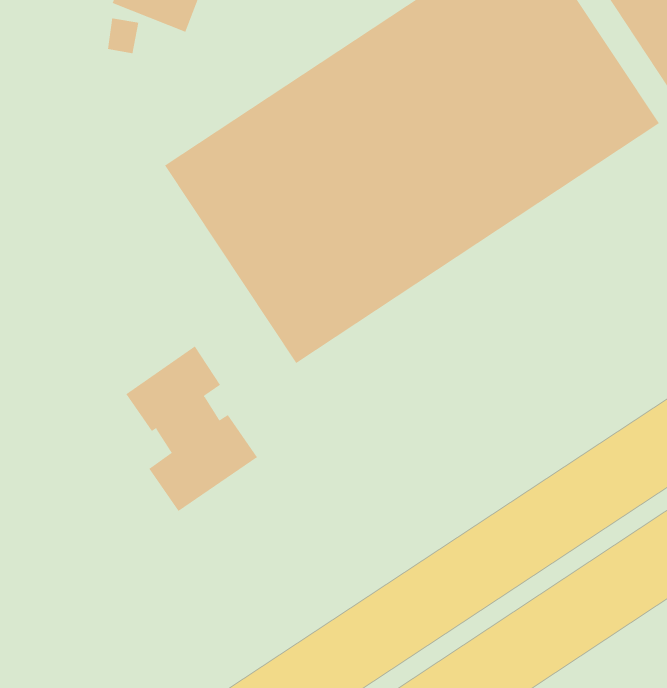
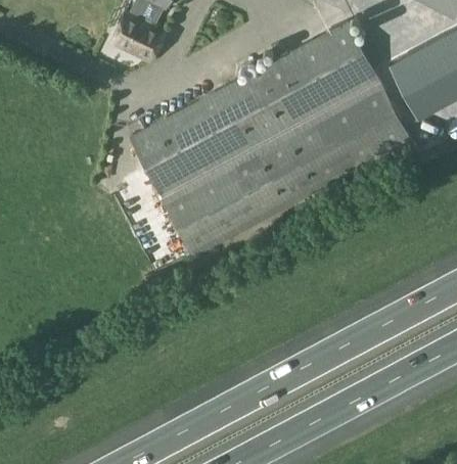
building: [126,346,258,512] -> none

